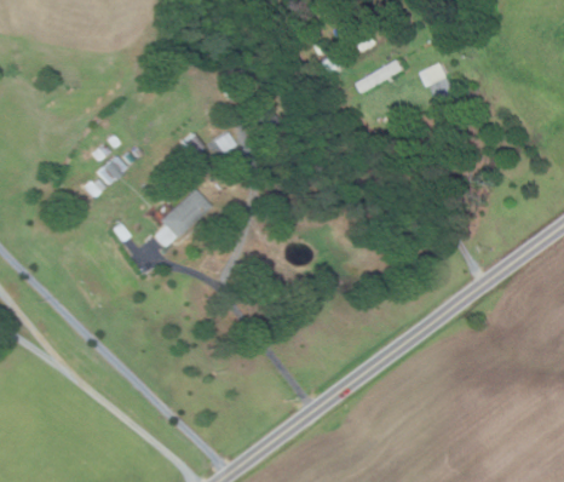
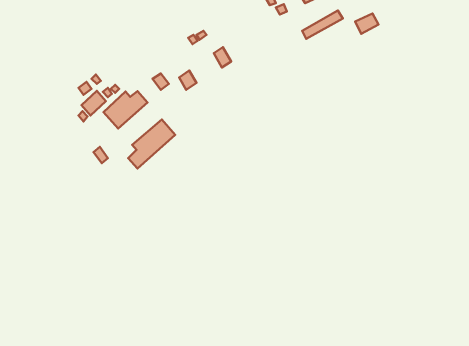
building: none -> [103,91,147,129]

